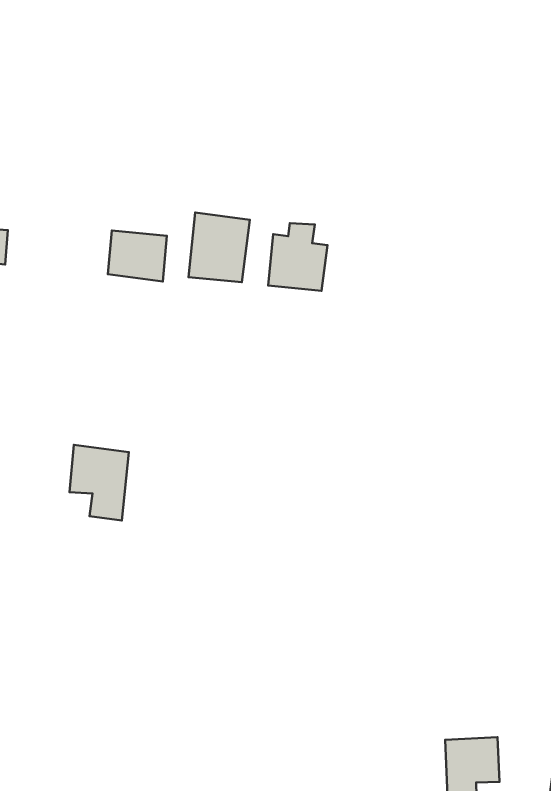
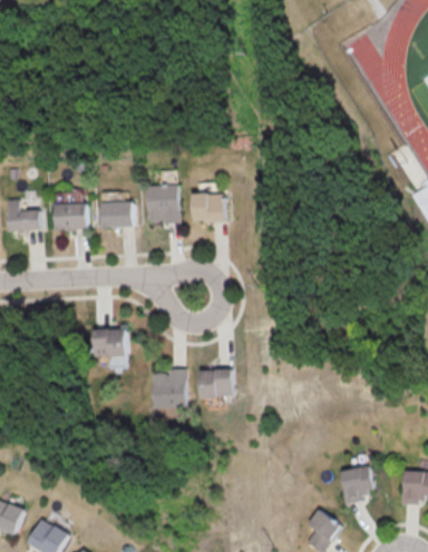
building: none -> [55,204,87,230]
building: none -> [154,369,186,408]
building: none -> [200,369,233,398]

